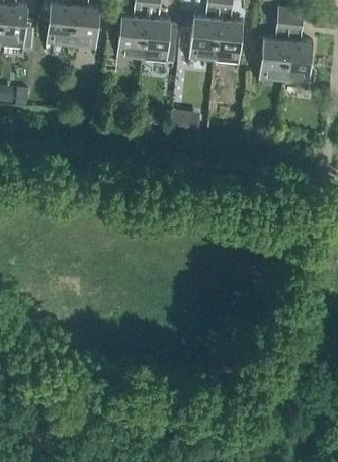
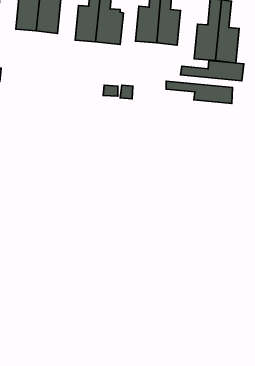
building: none -> [181,61,244,81]
building: none -> [166,81,233,103]

